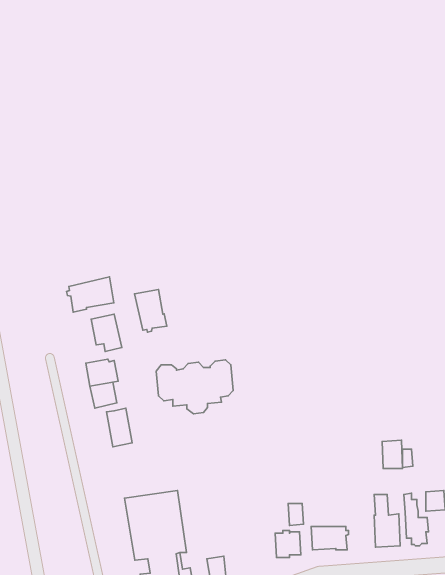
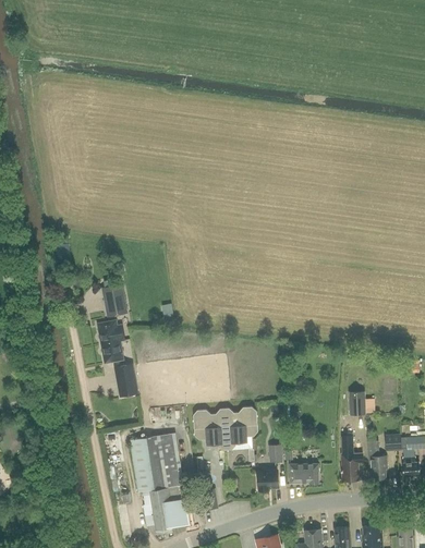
building: [67,277,114,312] -> none
building: [135,290,167,332] -> none
building: [156,360,233,414] -> [191,404,256,450]

